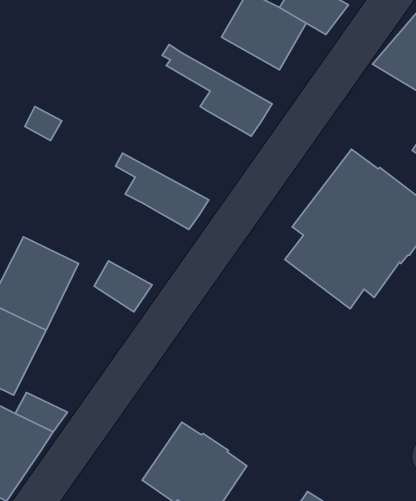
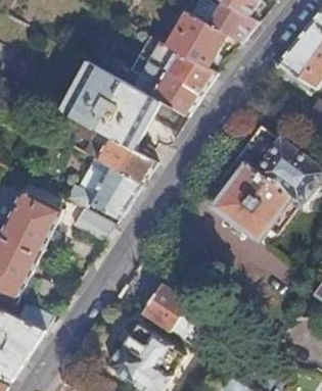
building: none -> [137,36,216,93]
building: none -> [66,64,155,145]
building: none -> [87,164,142,219]
building: none -> [141,282,188,330]

